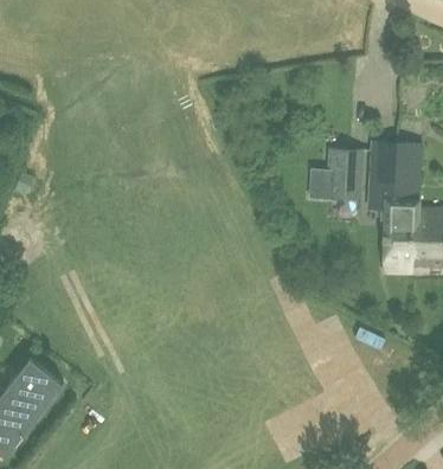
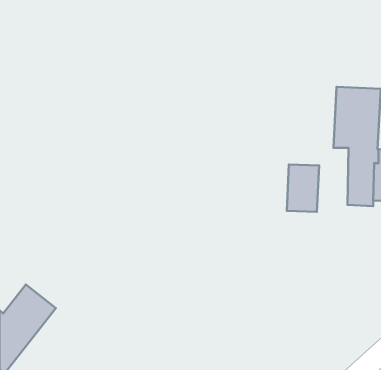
building: [327,148,362,200] -> [287,165,319,212]

